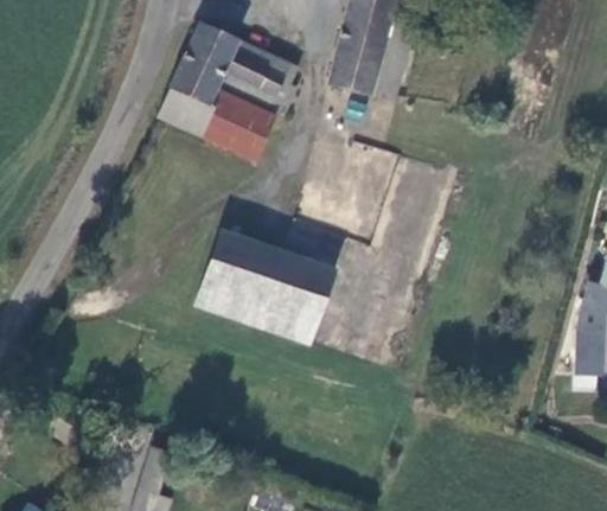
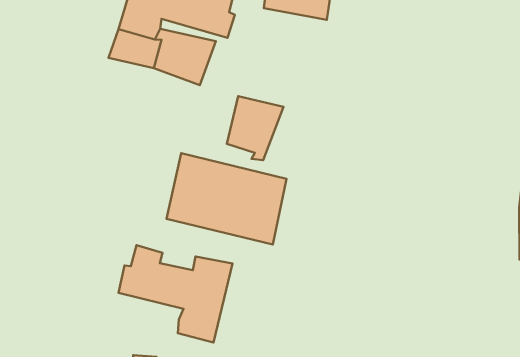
building: none -> [227,96,283,160]
building: none -> [119,245,232,342]

